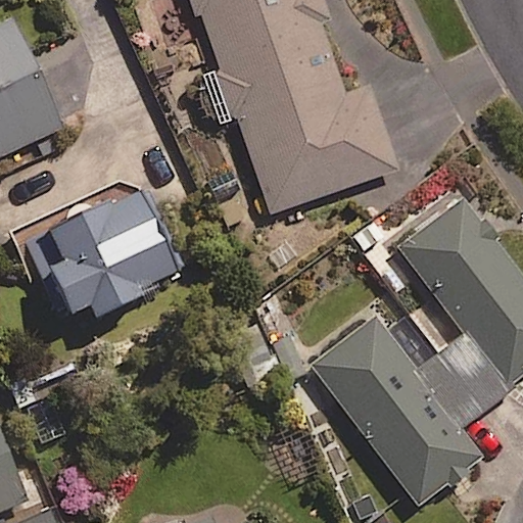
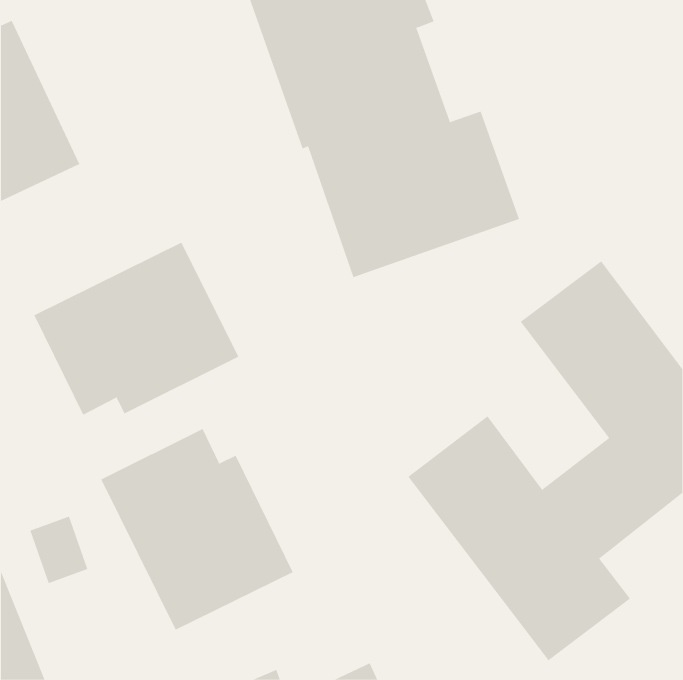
building: none -> [100,428,294,631]

